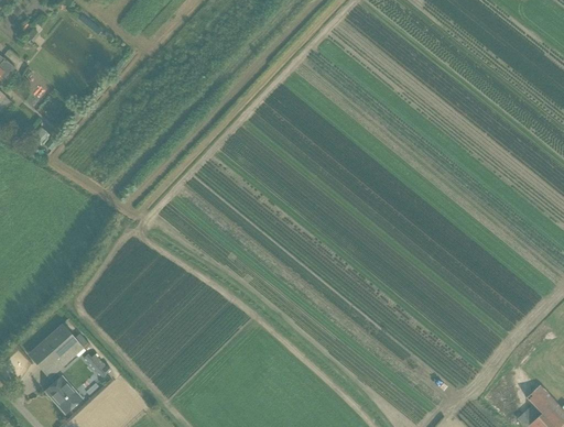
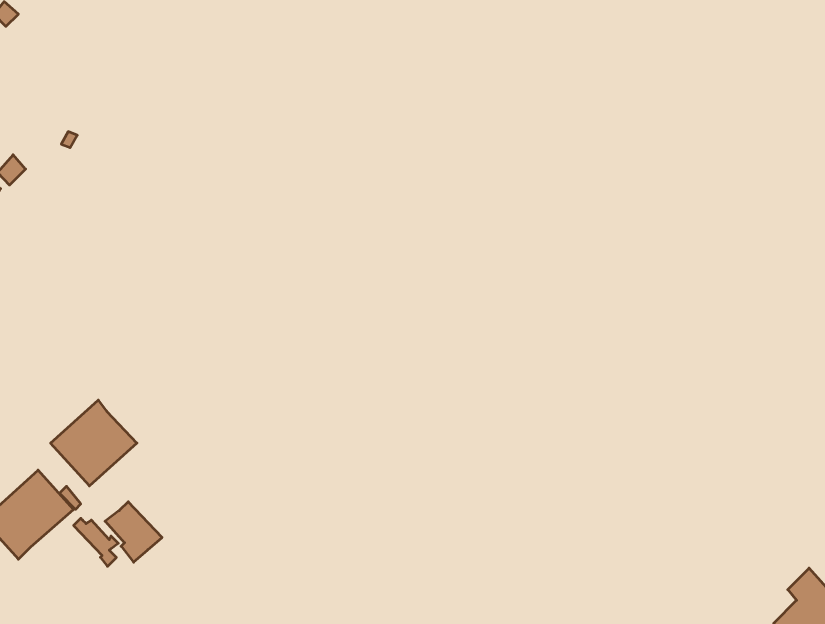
building: none -> [51,400,137,486]
building: [47,376,83,414] -> [105,502,162,562]

